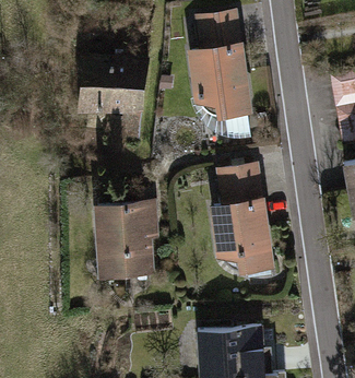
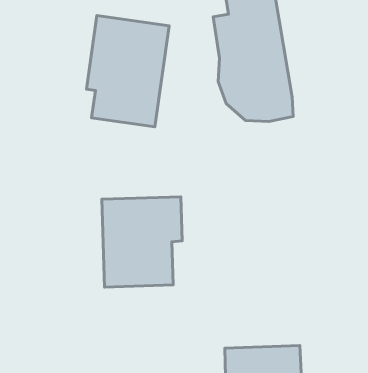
building: [208,162,273,274] -> none

